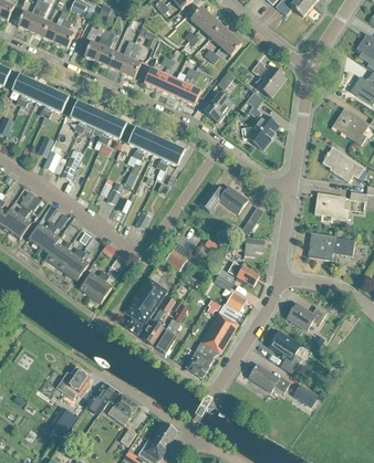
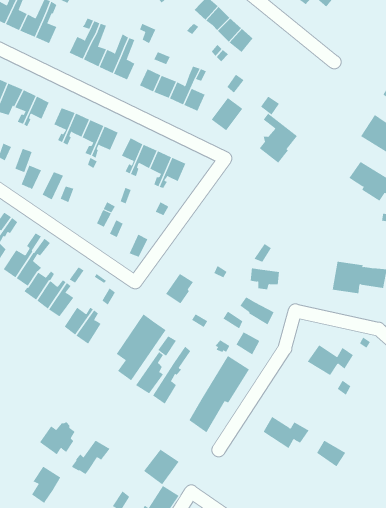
building: [251,61,285,96] -> none
building: [199,183,248,213] -> none
building: [314,192,349,219] -> none
building: [269,330,302,372] -> none
building: [107,393,138,424] -> [143,449,180,485]

